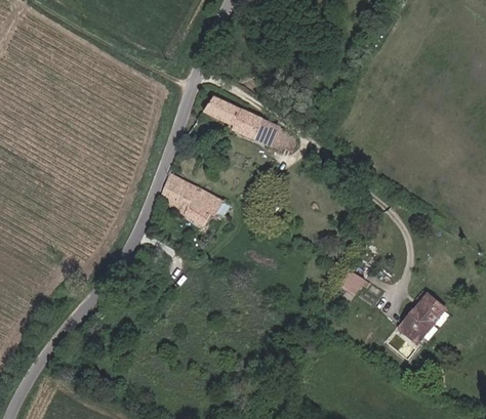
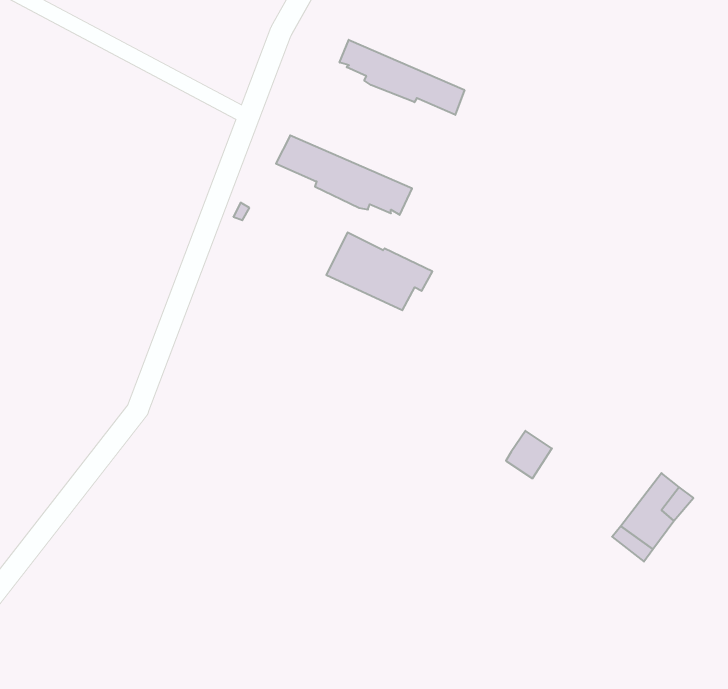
building: none -> [340,40,464,115]
building: [159,176,220,221] -> [326,232,432,310]

